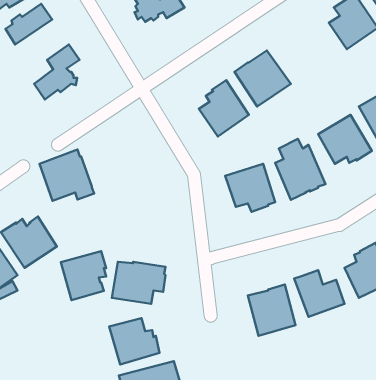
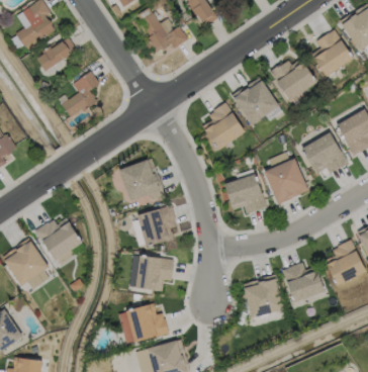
building: none -> [269,57,317,100]
building: [39,149,94,201] -> [118,158,165,201]
building: [61,251,106,300] -> [136,205,175,247]

